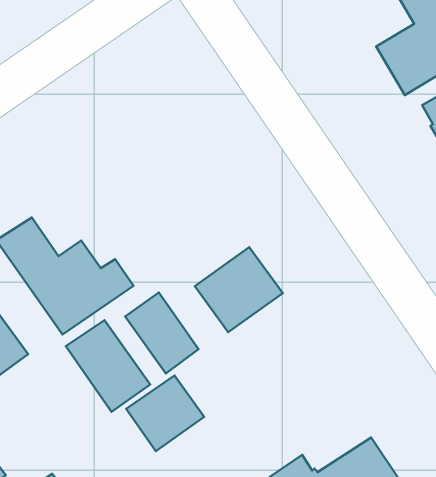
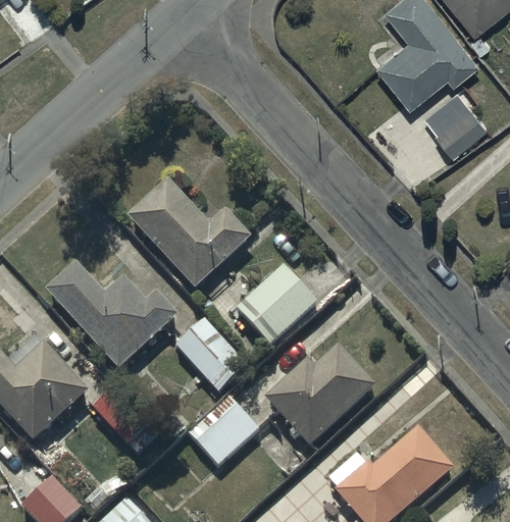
building: none -> [128,177,252,290]
building: [66,320,150,412] -> none
building: none -> [264,345,375,447]

